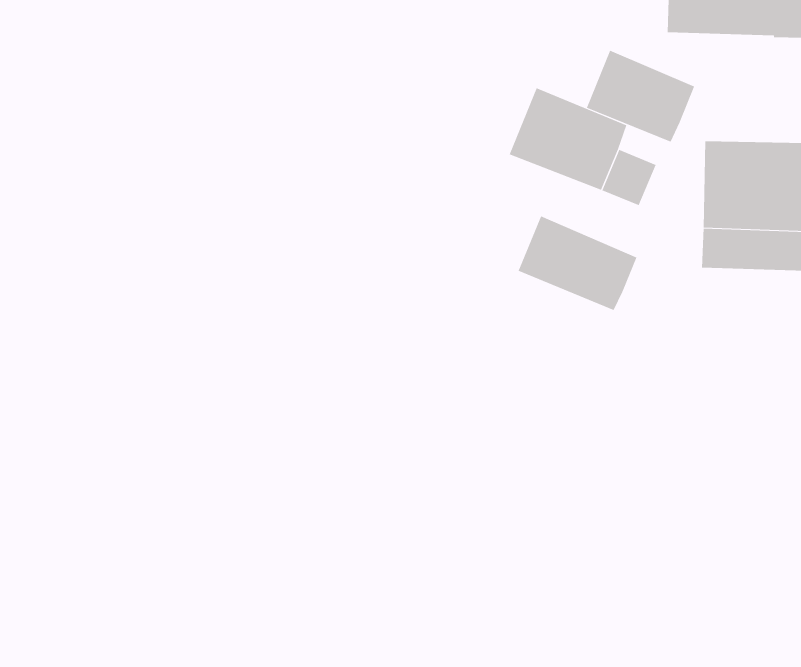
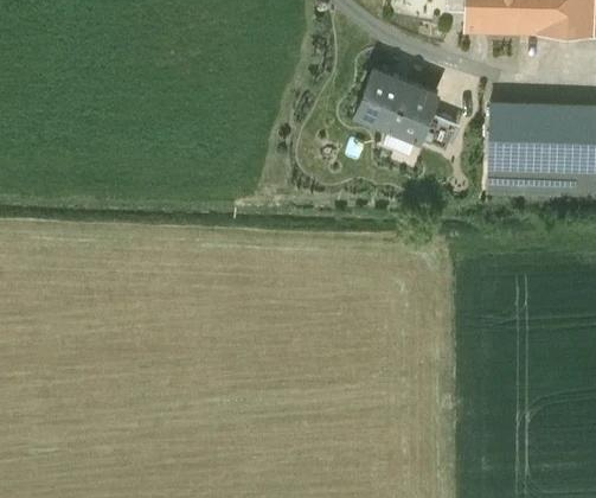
building: [586,50,695,143] -> none
building: [518,215,637,311] -> none

